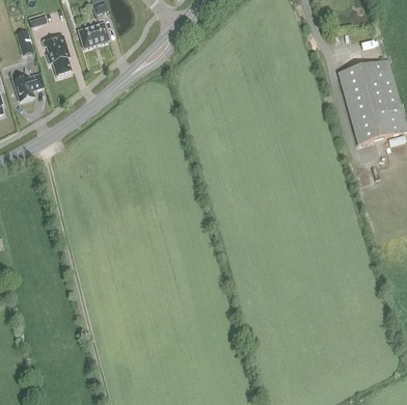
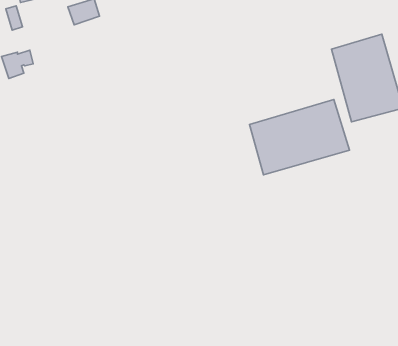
building: [43,33,72,76] -> none
building: none -> [250,100,349,175]

